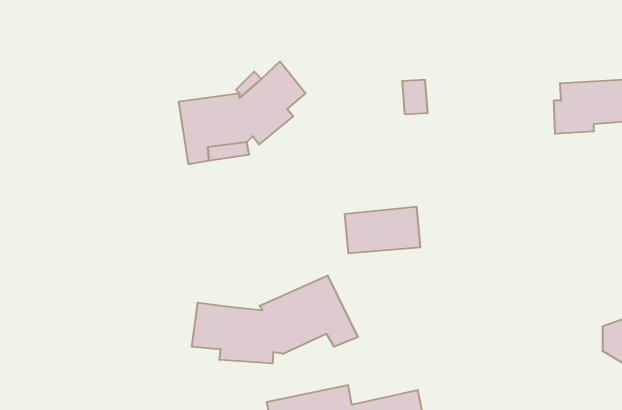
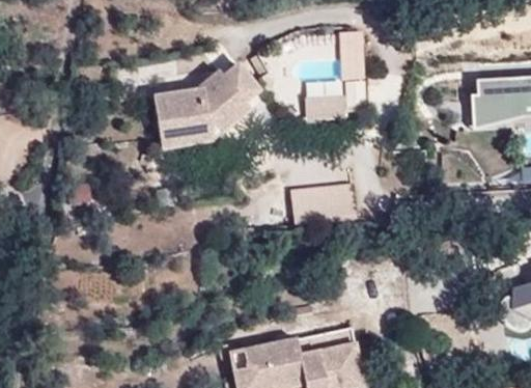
building: none -> [336,24,364,75]
building: none -> [305,94,345,120]
building: [192,275,358,364] -> none

